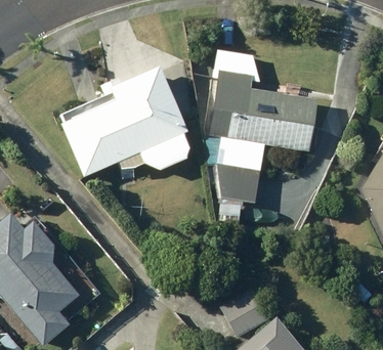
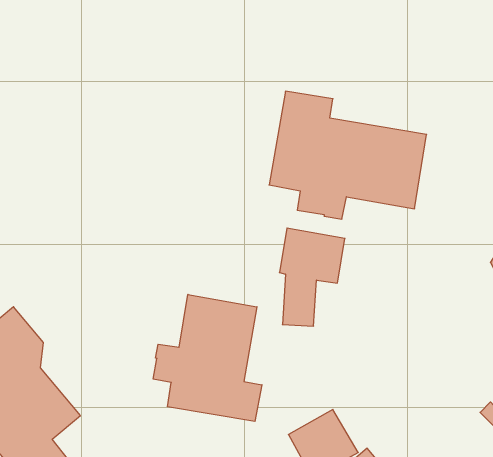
building: [59,64,187,177] -> none
building: none -> [153,294,262,421]

